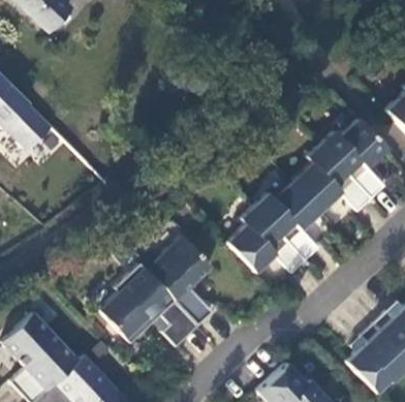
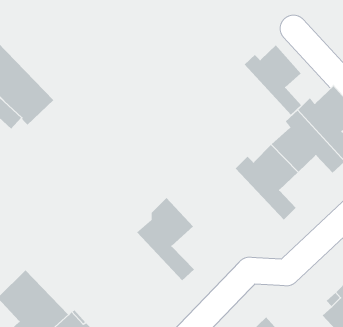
building: none -> [244,45,302,115]
building: [227,207,306,274] -> none
building: [99,264,198,347] -> none

